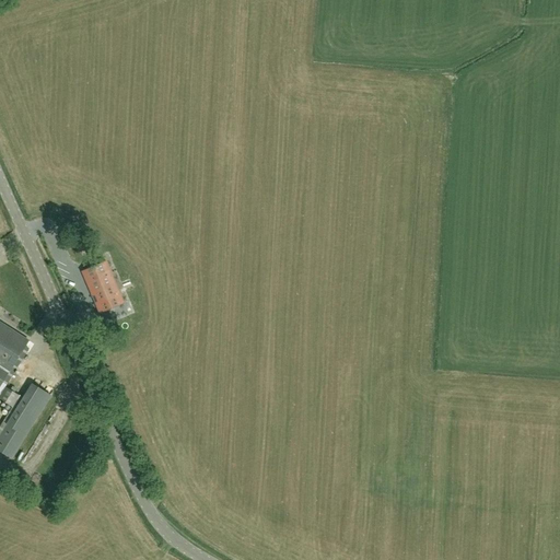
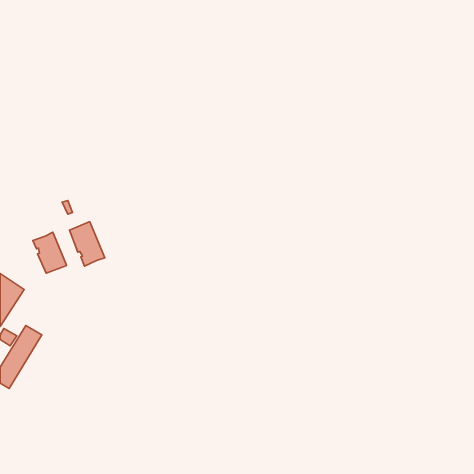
building: none -> [33,232,66,273]

